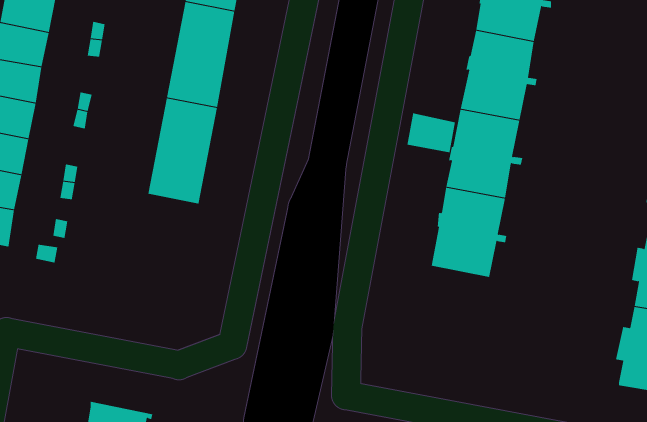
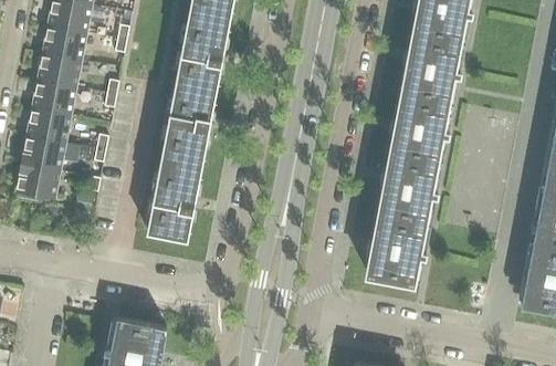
building: [407,113,455,153] -> none
building: none -> [147,157,201,239]
building: none -> [367,212,427,282]

